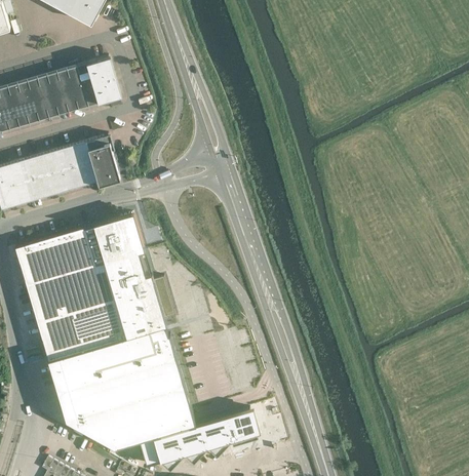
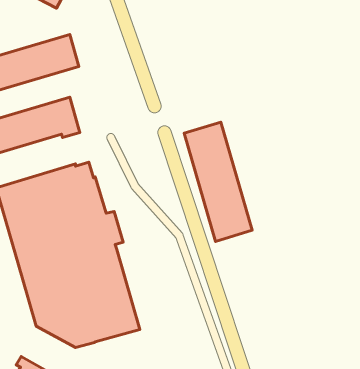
building: none -> [184,122,252,241]
building: [138,407,260,470] -> none

